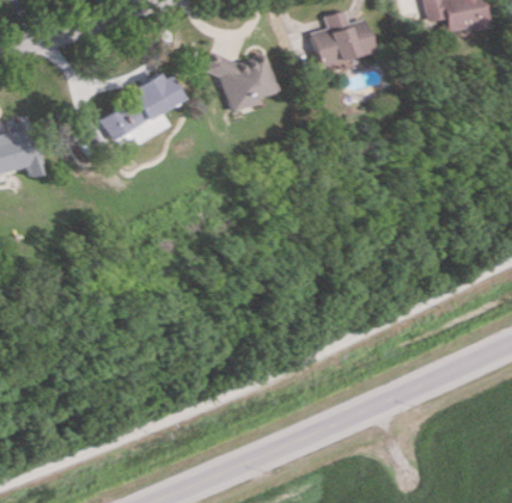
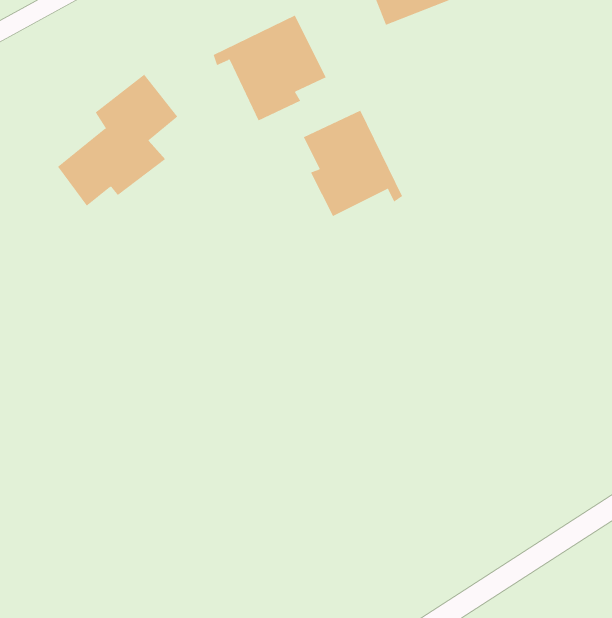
building: none -> [303,110,403,217]

